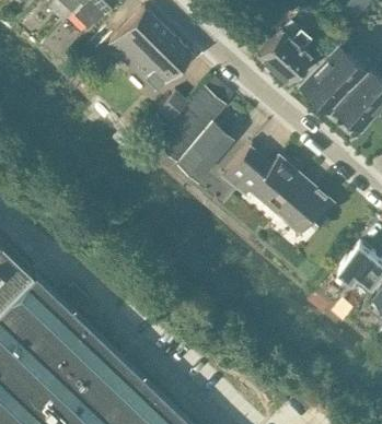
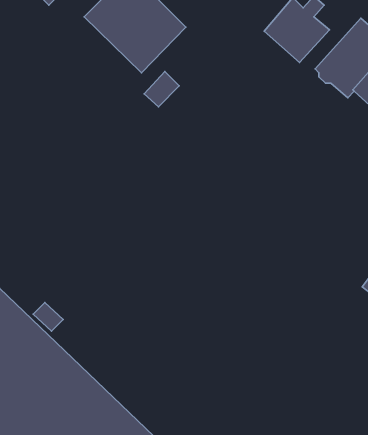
building: [155,78,232,179] -> none
building: [223,146,333,232] -> none

